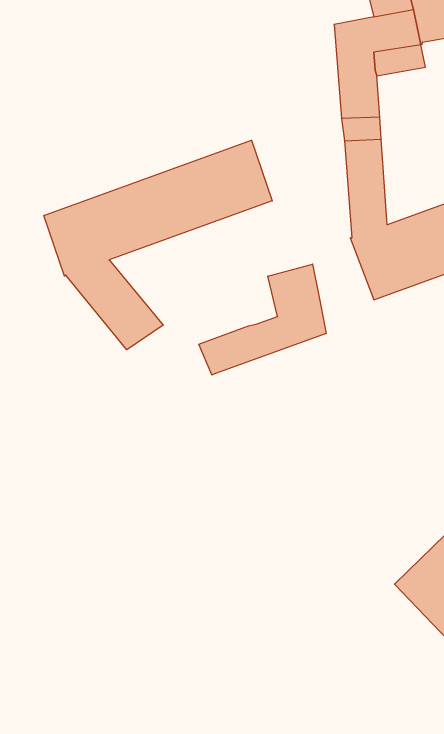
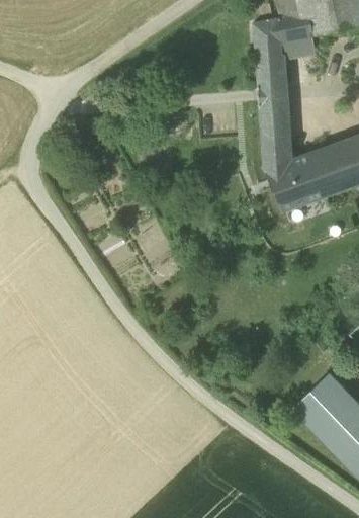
building: [44,140,272,350] -> none
building: [199,264,326,375] -> none

